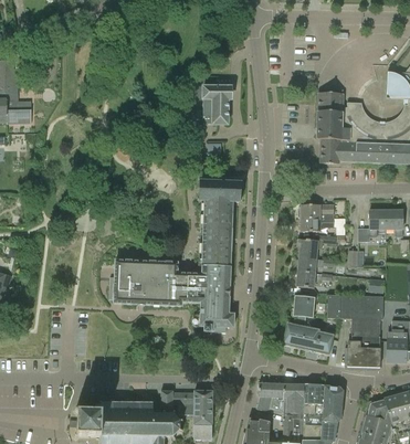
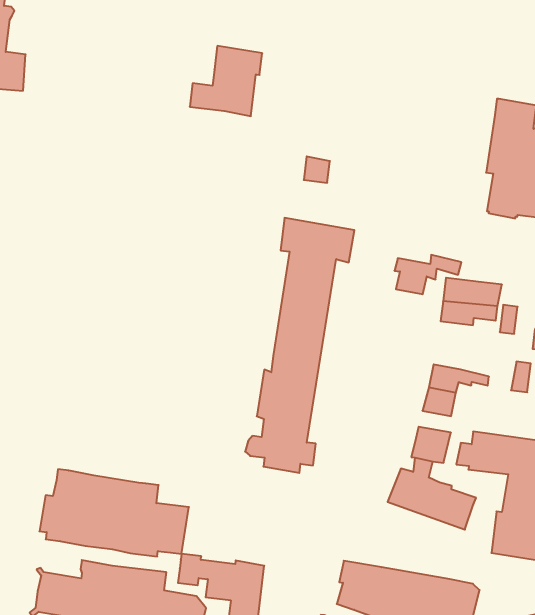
building: [191,85,231,125] -> [190,46,262,116]
building: [297,234,337,258] -> [394,255,461,294]
building: [109,260,198,305] -> [39,469,189,556]

